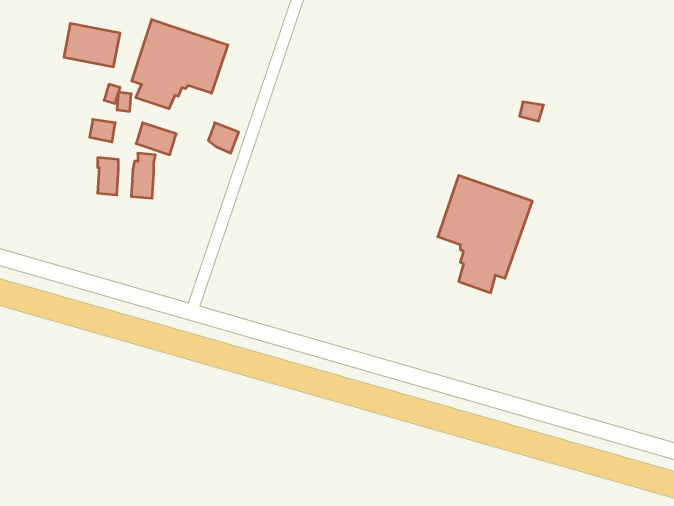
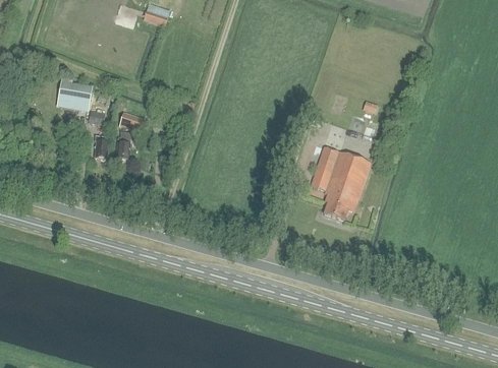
building: [132,19,228,109] -> none
building: [64,23,120,67] -> [57,82,93,110]

